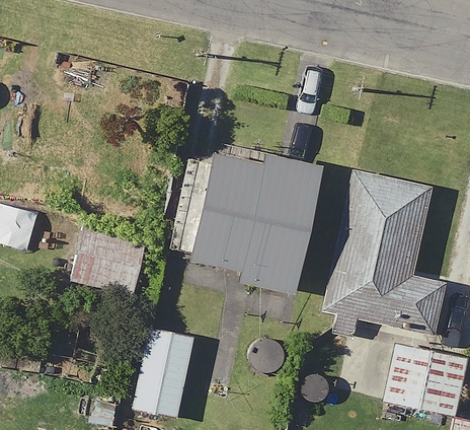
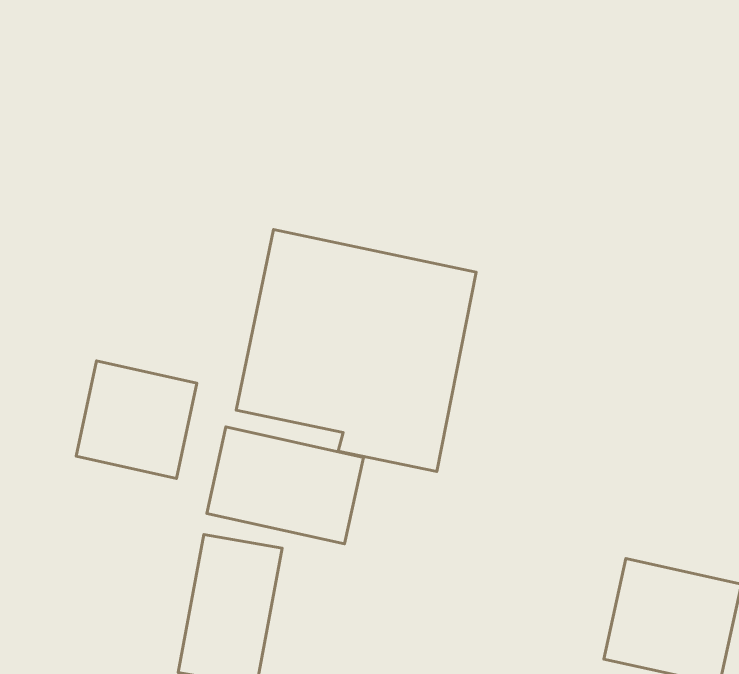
building: [324,169,446,335] -> none
building: none -> [207,427,364,544]

